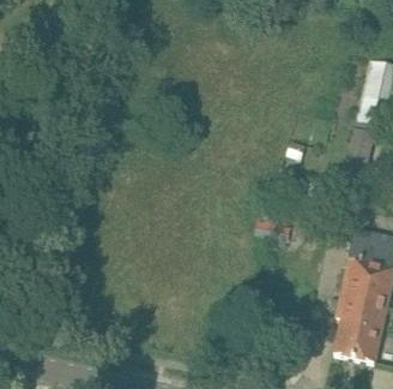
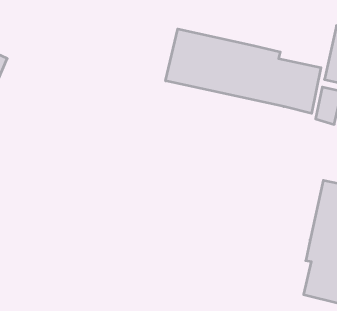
building: none -> [166,29,321,113]

